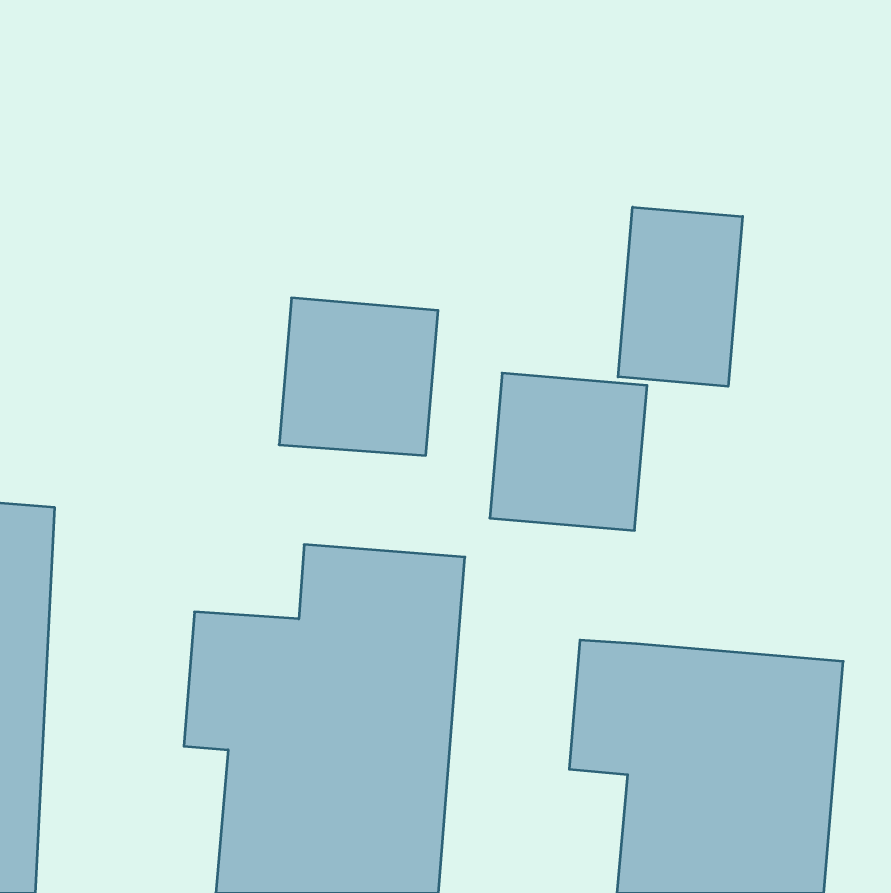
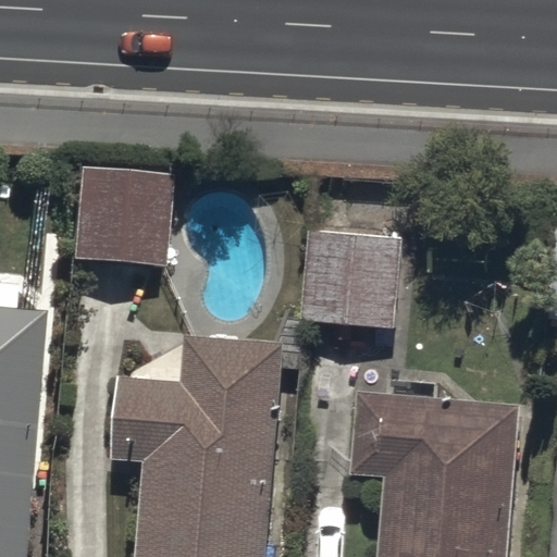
building: [618,207,743,386] -> none
building: [279,298,438,455] -> [66,171,164,268]

